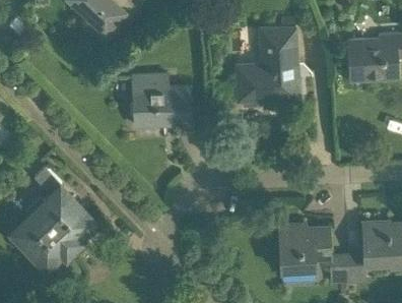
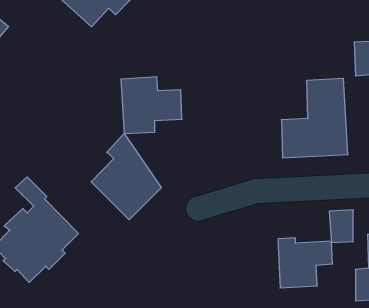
building: [237,27,298,102] -> [281,78,348,158]
building: none -> [91,133,161,220]
building: [328,254,350,285] -> [329,210,353,243]

